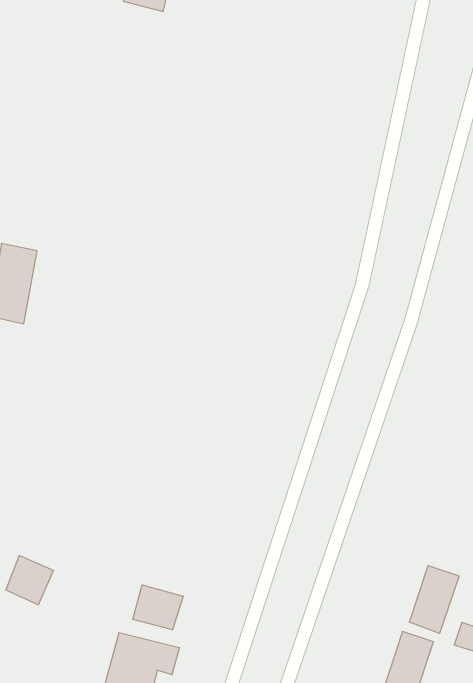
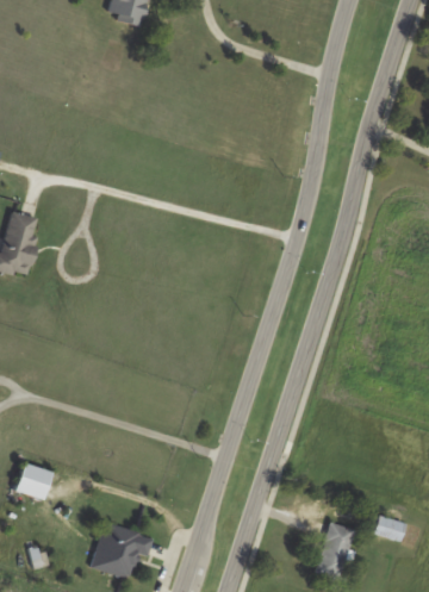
building: [409,566,459,634] -> none
building: [133,585,183,630] -> none

